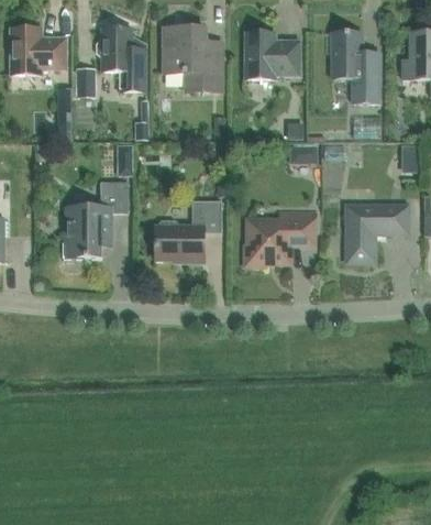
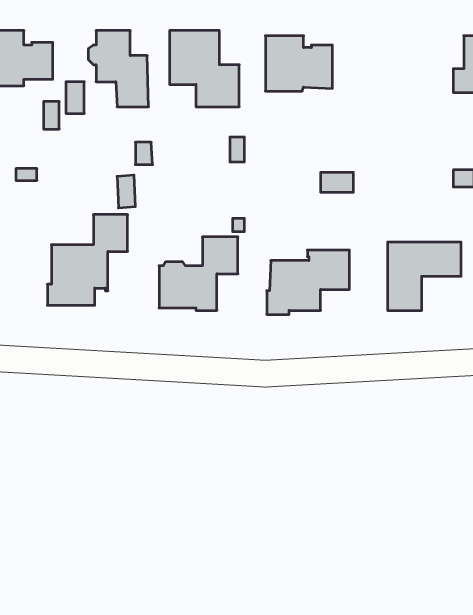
building: [324,31,379,102] -> none

